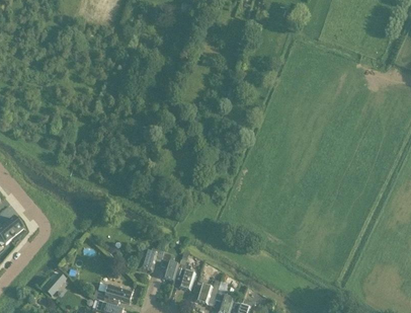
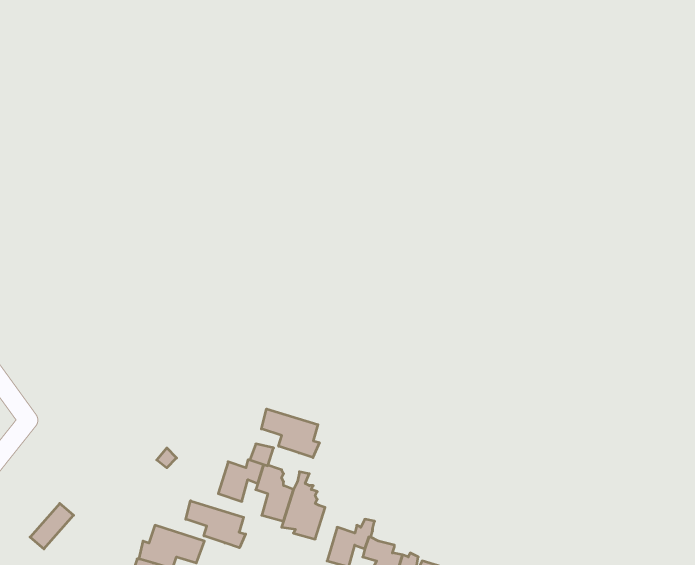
building: none -> [261,409,319,458]
building: none -> [186,501,246,548]

